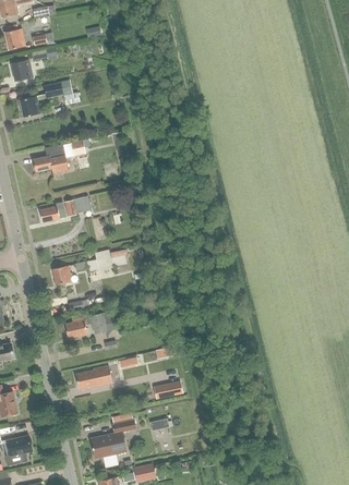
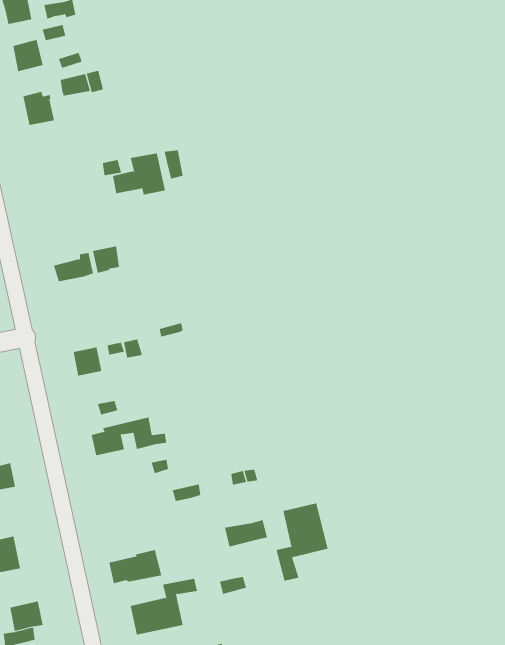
building: [32,144,68,172] -> [112,153,166,195]
building: [75,365,111,388] -> [108,550,162,584]
building: none -> [276,502,328,582]

